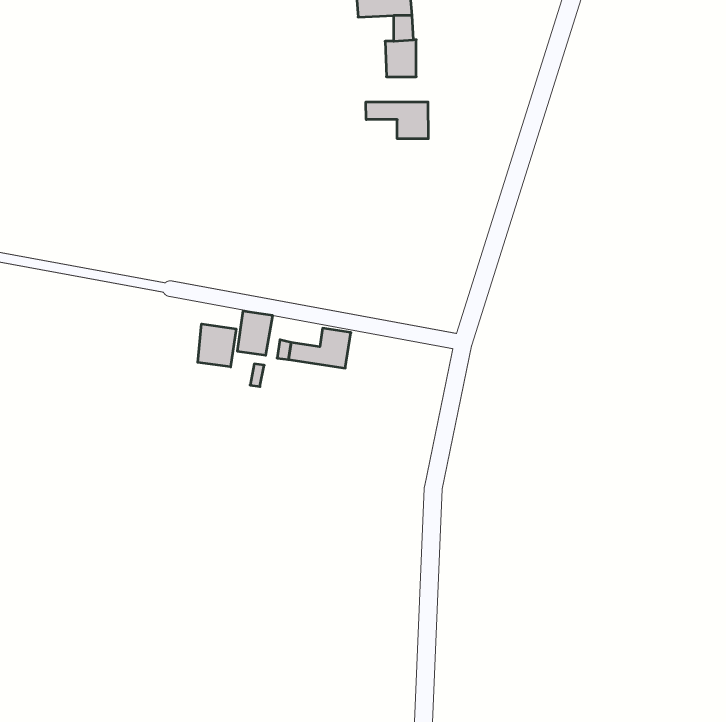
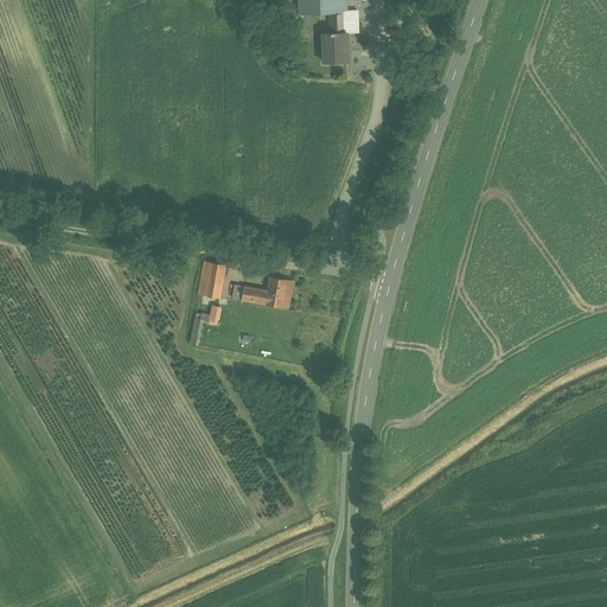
building: [366,102,428,139] -> none
building: [198,324,236,367] -> none

